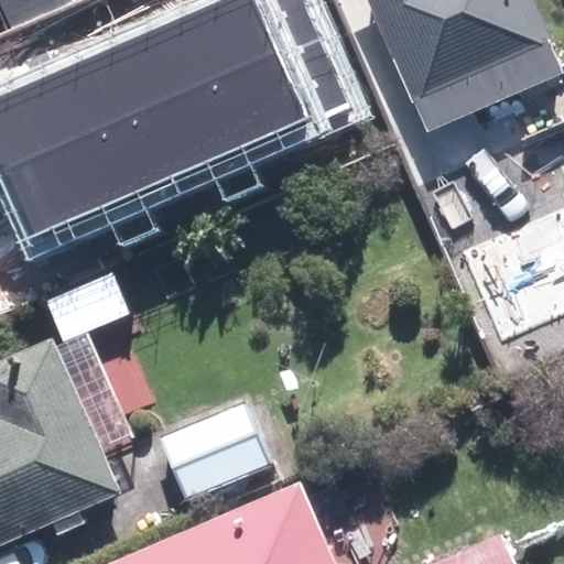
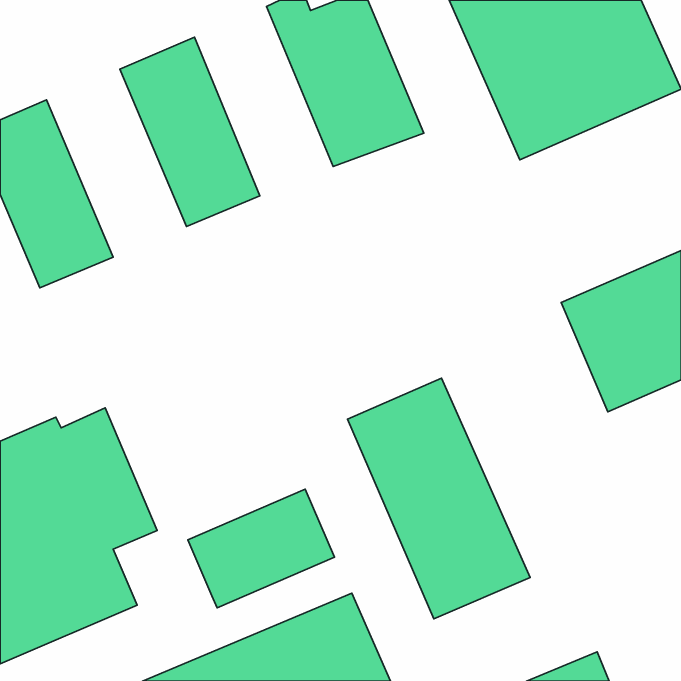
building: [161,6,275,162] -> none
building: [39,57,154,213] -> none
building: none -> [348,378,530,619]

